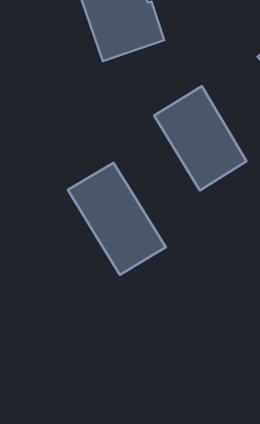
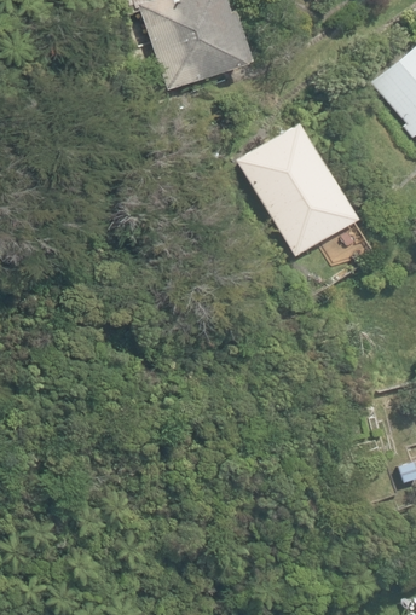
building: [68,163,166,275] -> none

